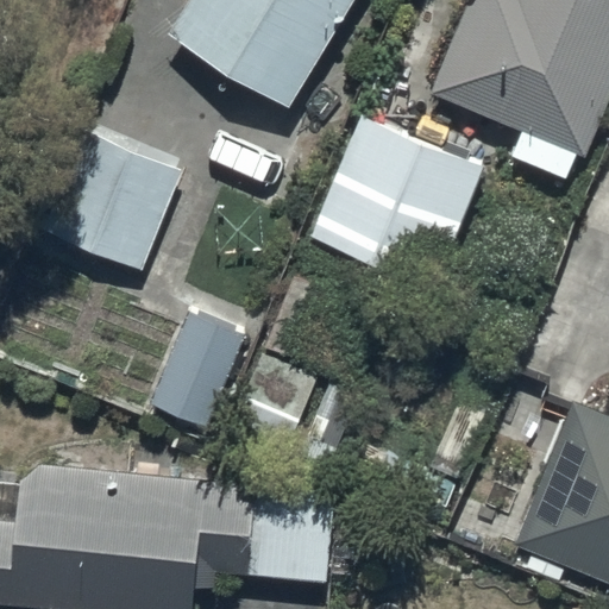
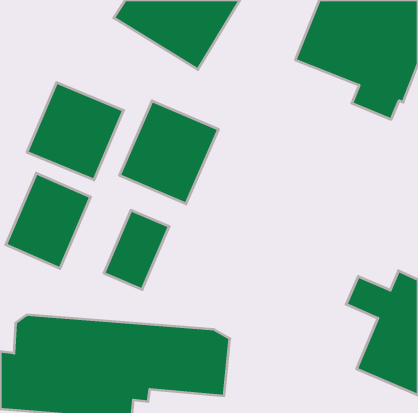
building: [315,114,490,288] -> none
building: none -> [120,101,218,204]
building: none -> [6,173,91,269]

